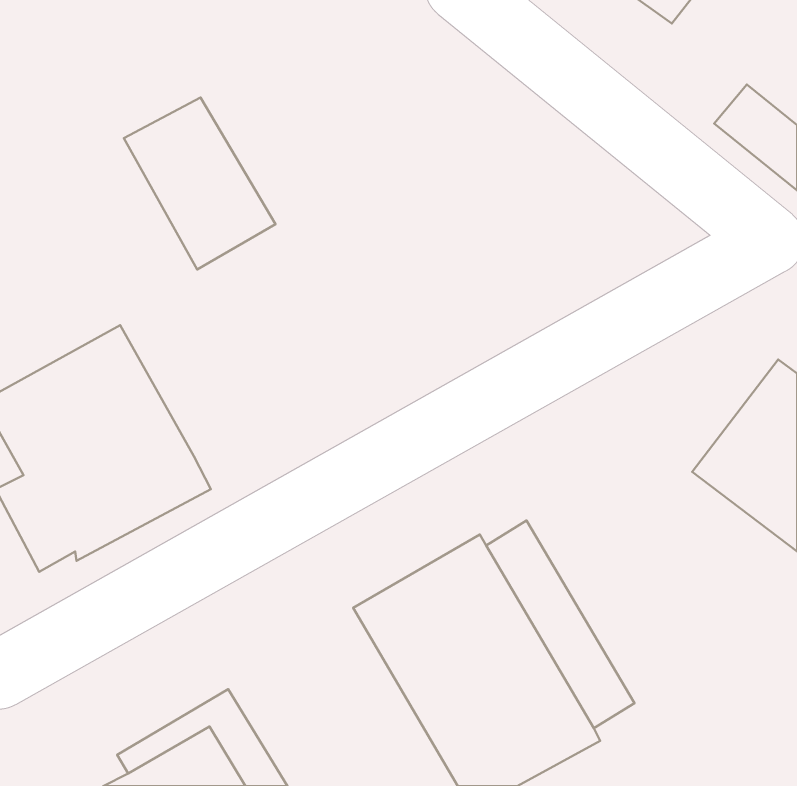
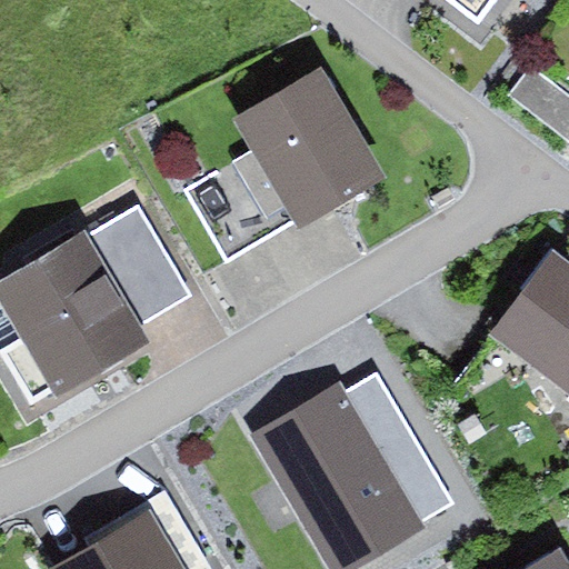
building: [124,97,275,269] -> [86,202,193,325]
building: none -> [232,73,385,237]

